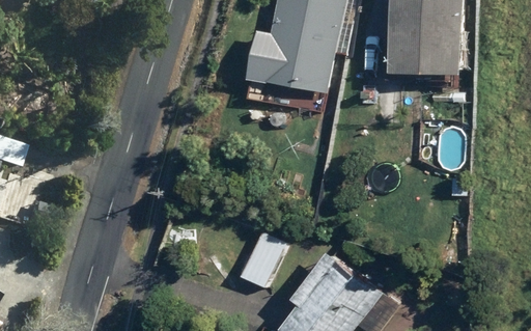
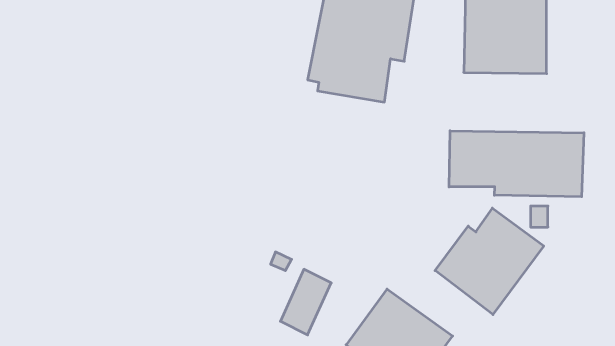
building: none -> [449,131,584,197]
building: none -> [435,208,544,315]

